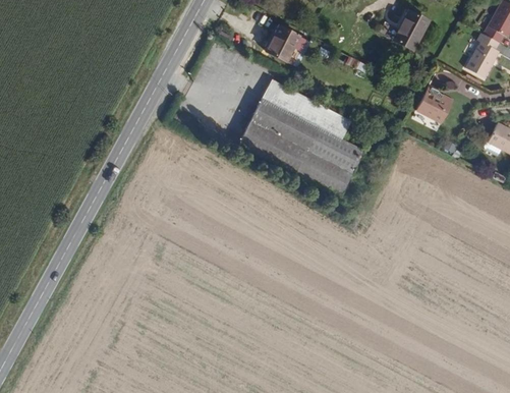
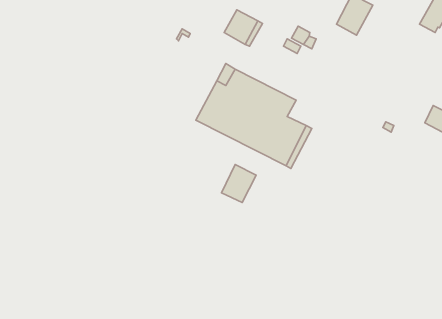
building: [464,35,501,80] -> none
building: [418,88,456,125] -> none
building: none -> [221,165,256,202]

